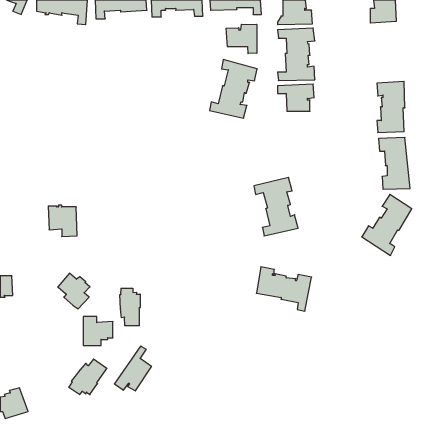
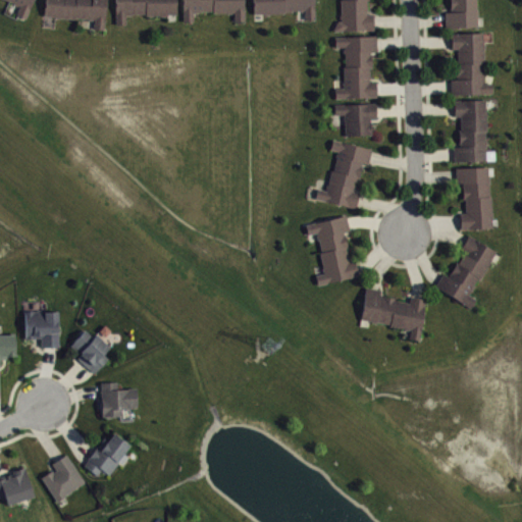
building: [226,24,257,54] -> none
building: none -> [452,34,492,96]
building: [210,60,257,118] -> [316,139,373,209]
building: [48,205,77,237] -> [24,310,59,348]
building: [256,267,312,311] -> [361,288,427,341]
building: [120,288,140,326] -> none
building: [115,346,151,391] -> none
building: none -> [41,454,86,502]

